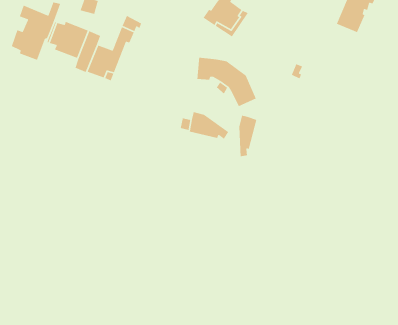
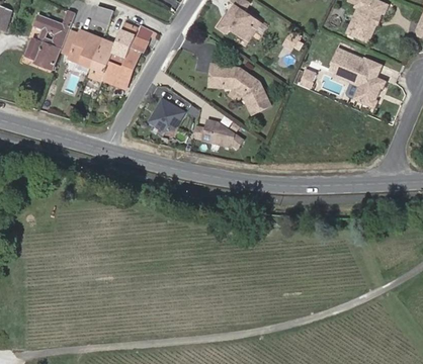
building: none -> [112,28,136,58]
building: none -> [333,51,388,109]
building: none -> [148,97,184,129]
building: [239,115,258,157] -> none

